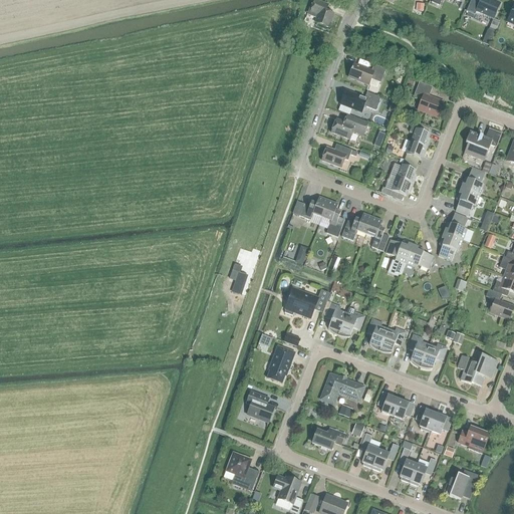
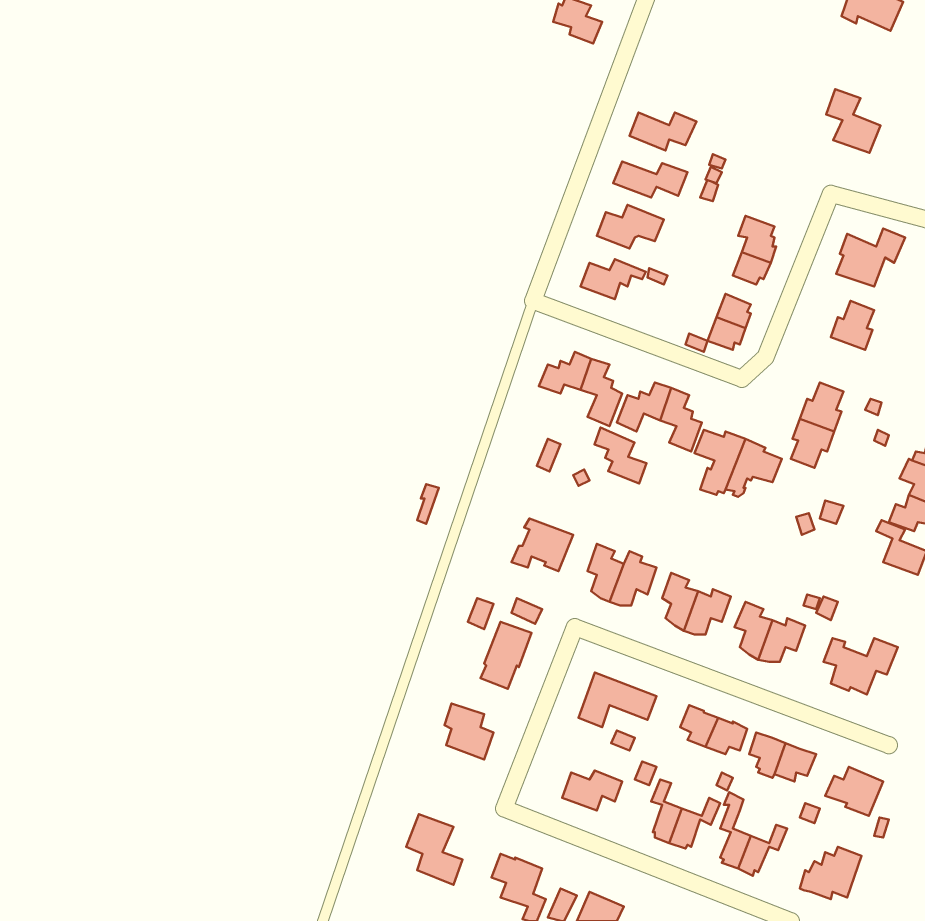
building: [414,80,444,115] -> [826,89,880,153]
building: [456,187,480,214] -> none
building: none -> [594,428,646,483]

